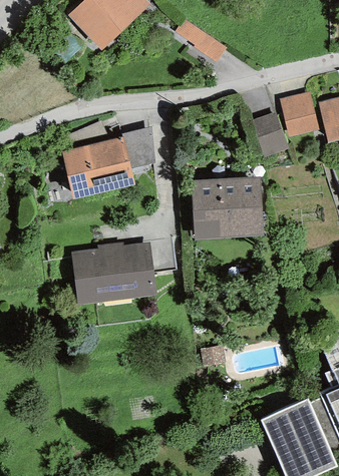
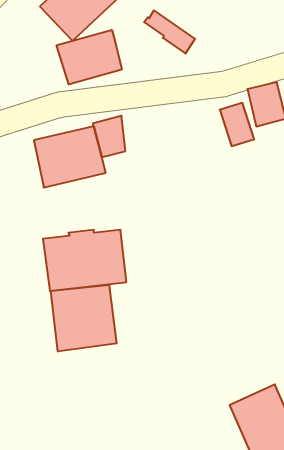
building: none -> [57,30,122,85]
building: [192,176,264,240] -> none
building: none -> [51,285,116,352]

